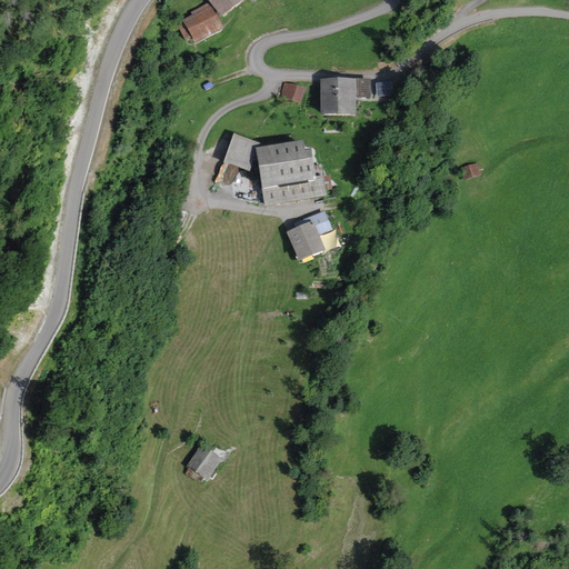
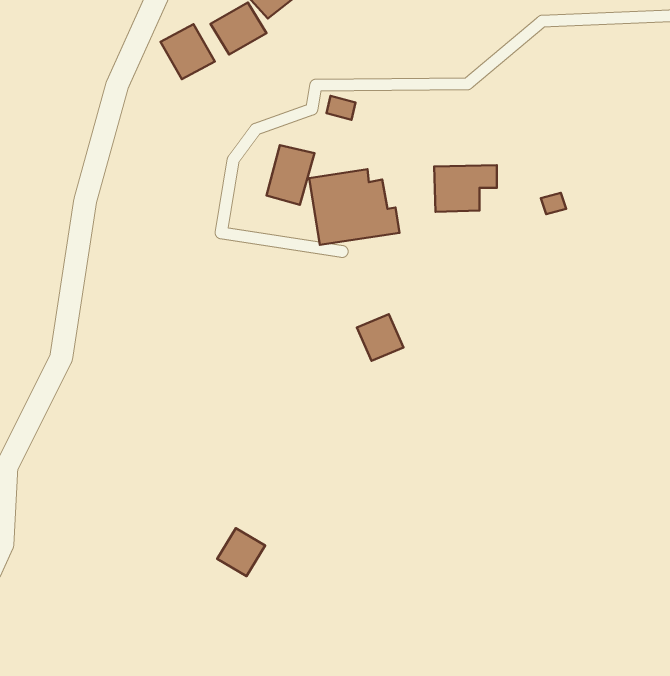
building: none -> [160,24,215,79]
building: [310,76,362,114] -> [434,165,497,212]
building: [289,221,328,260] -> [357,314,403,361]

